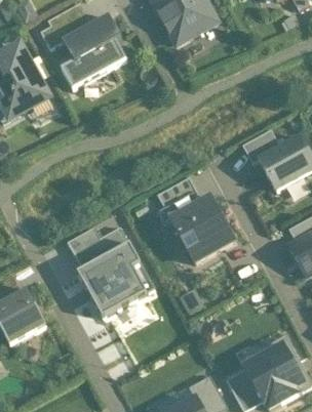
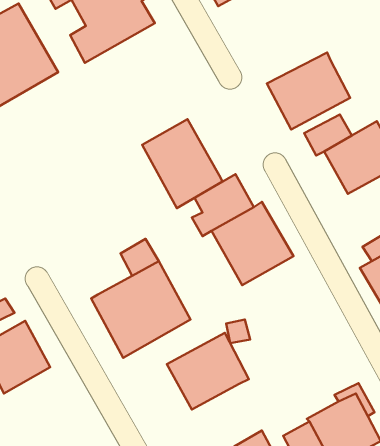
building: none -> [267,53,350,129]
building: none -> [142,119,223,208]
building: [67,226,109,269] -> none
building: none -> [167,333,249,410]

